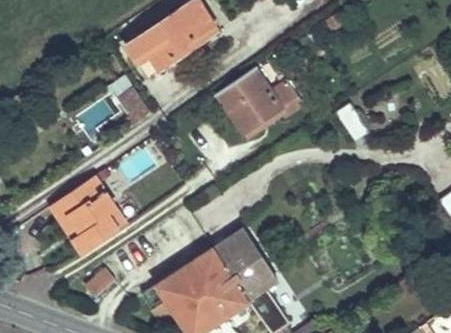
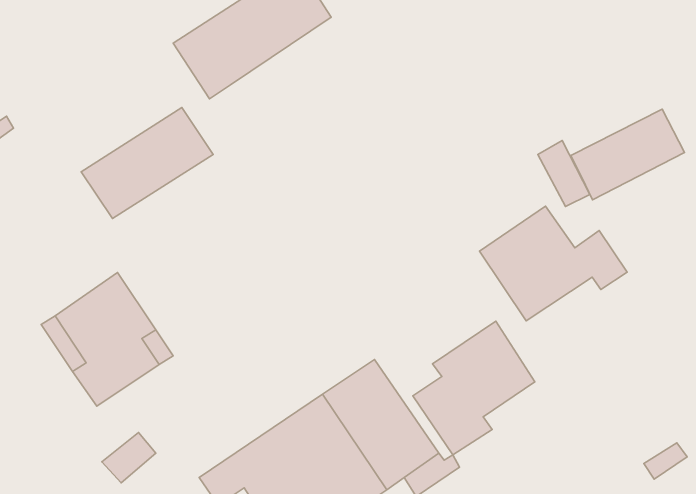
building: [218,68,303,134] -> [479,206,627,321]
building: none -> [571,109,684,200]
building: none -> [413,321,535,455]

